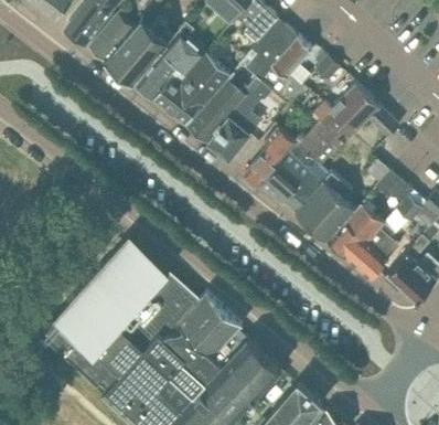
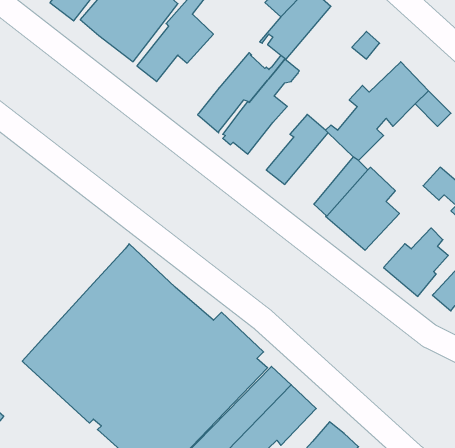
building: [260,38,311,106] -> none
building: [152,54,229,126] -> none
building: [259,144,317,204] -> none
building: [326,204,382,256] -> none

